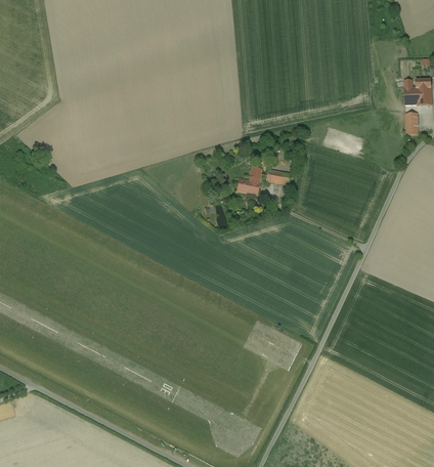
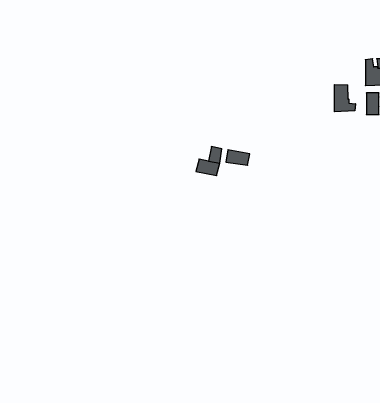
building: none -> [335,85,355,112]

